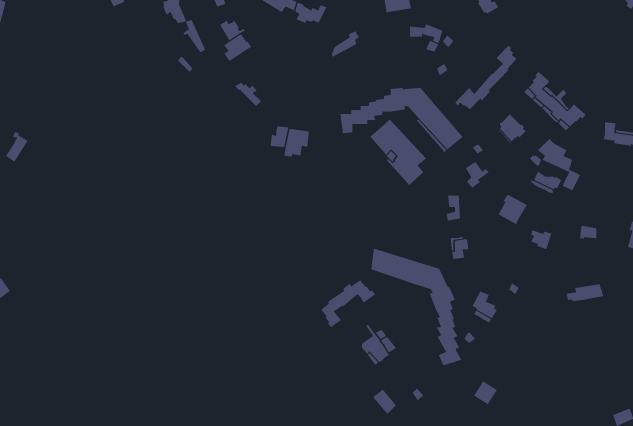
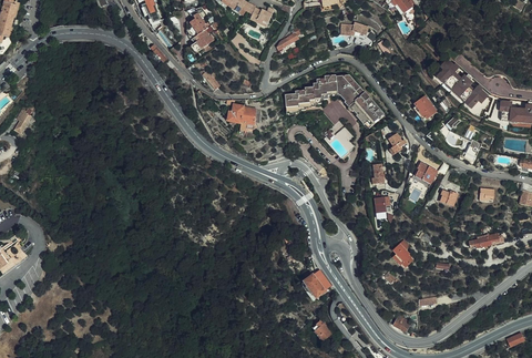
building: [455,45,518,110] -> none
building: [371,248,462,366] -> none
building: [321,279,376,328] -> none

